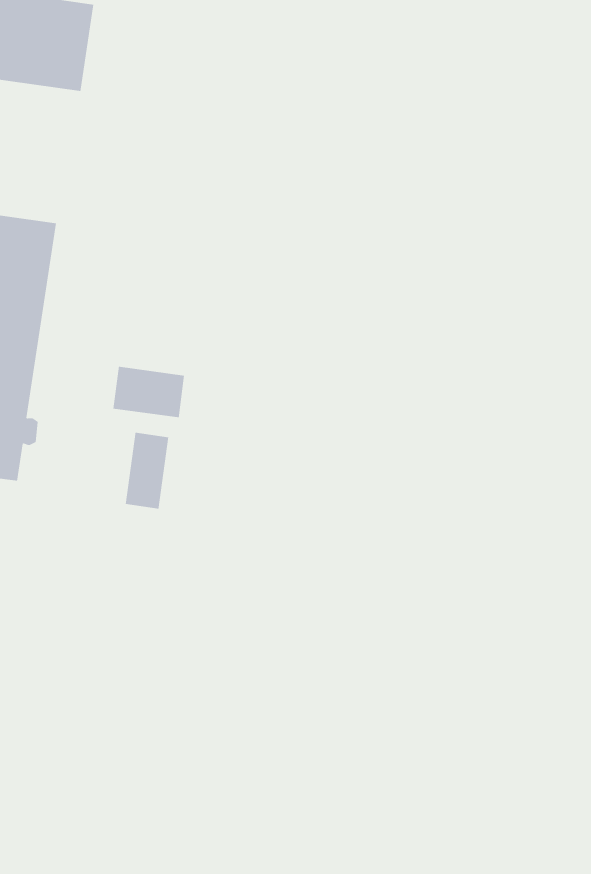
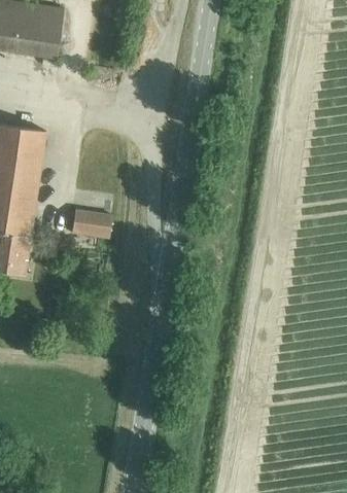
building: [125,432,169,510] -> none

